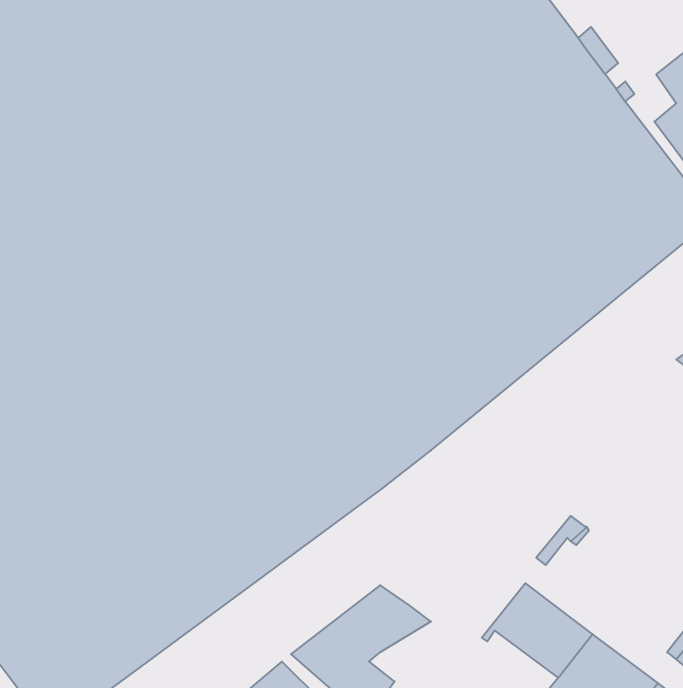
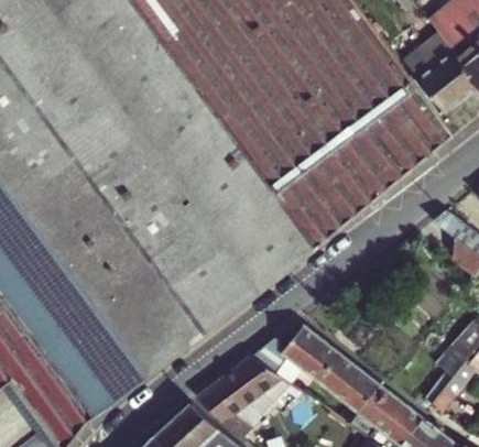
building: none -> [248,328,336,390]

